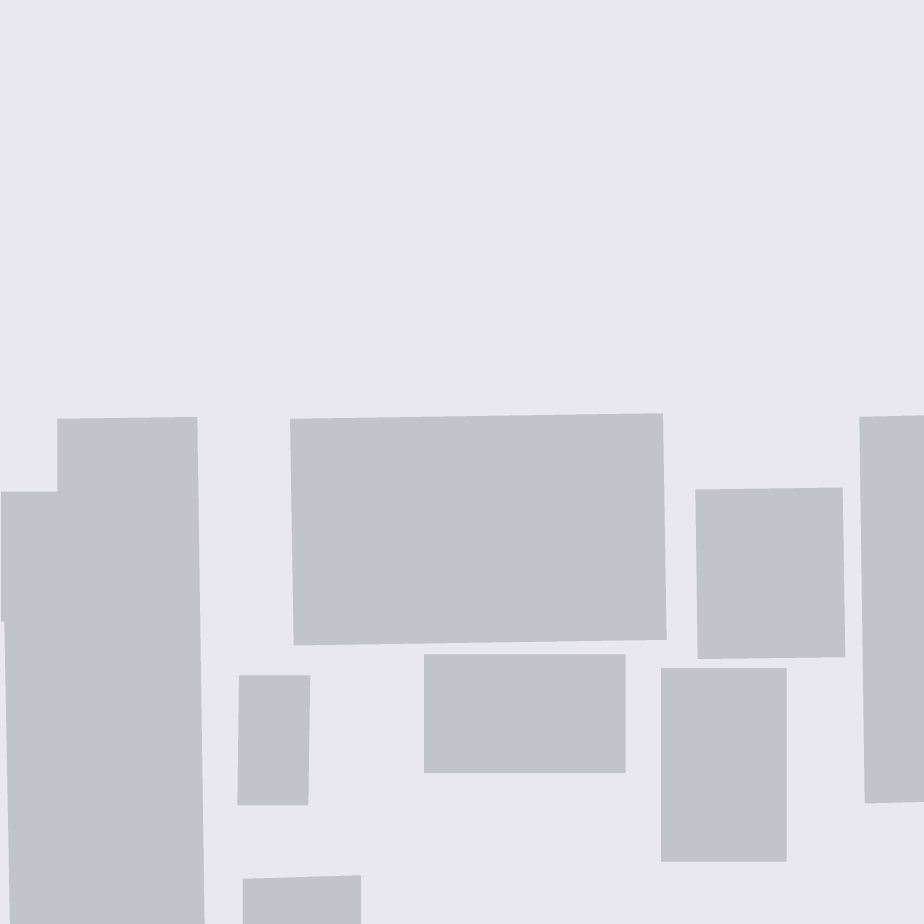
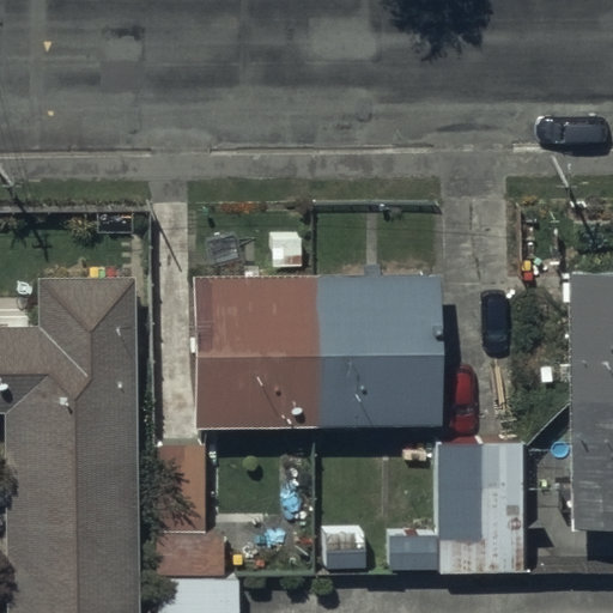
building: [695,487,846,660] -> none
building: [424,653,626,774] -> none

